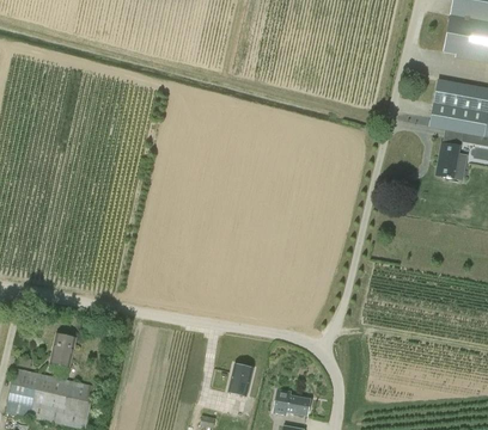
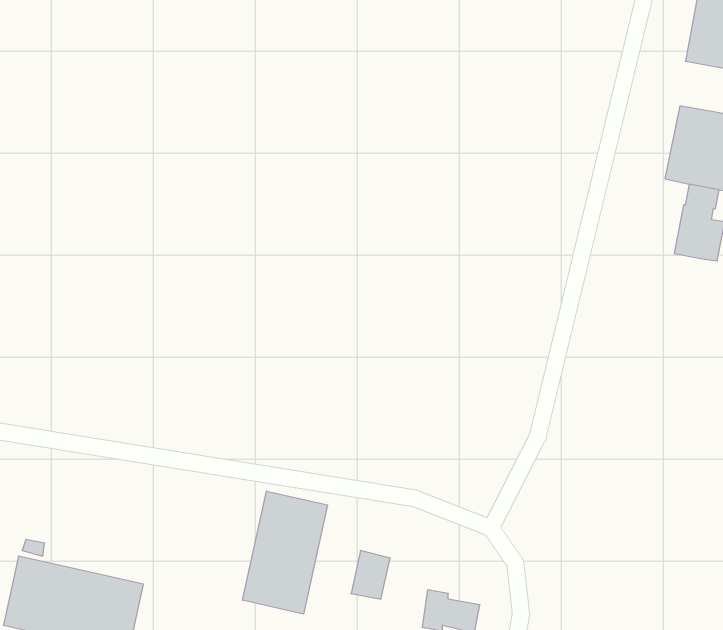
building: none -> [243,491,327,614]
building: [50,332,77,366] -> none

